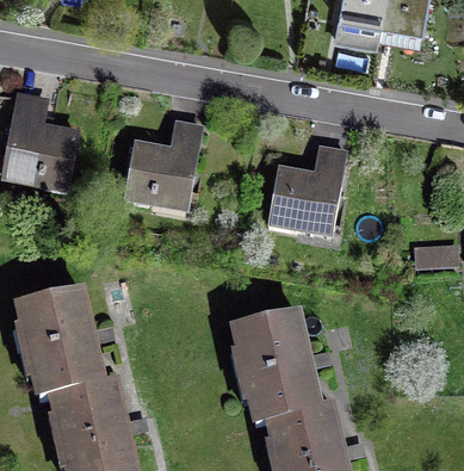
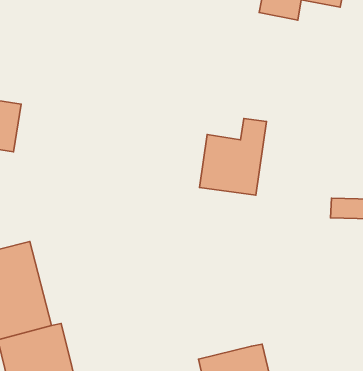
building: [126,131,199,212] -> none
building: [233,316,324,422] -> none

